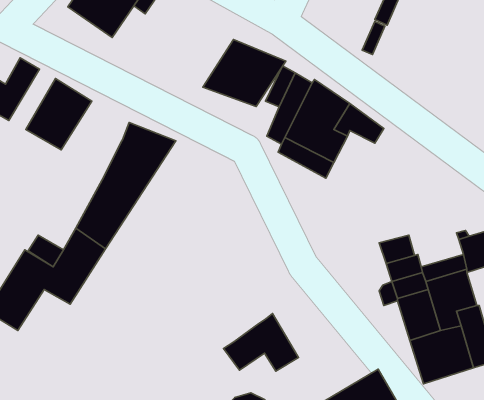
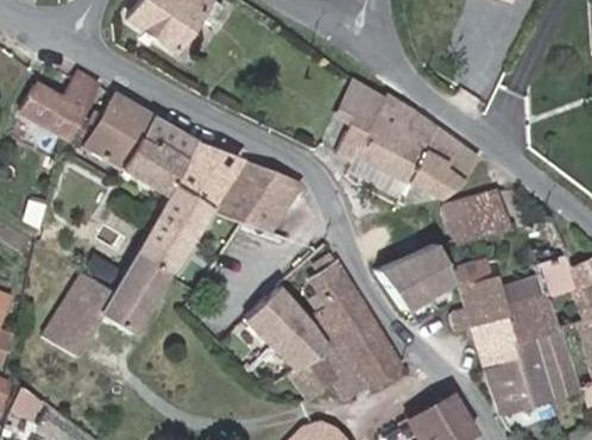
building: [203,40,286,107] -> [215,159,302,230]
building: none -> [122,117,194,195]
building: none -> [408,145,479,199]
building: none -> [443,190,508,240]
building: none -> [377,244,453,312]
building: none -> [309,254,402,385]
building: none -> [251,284,329,369]

